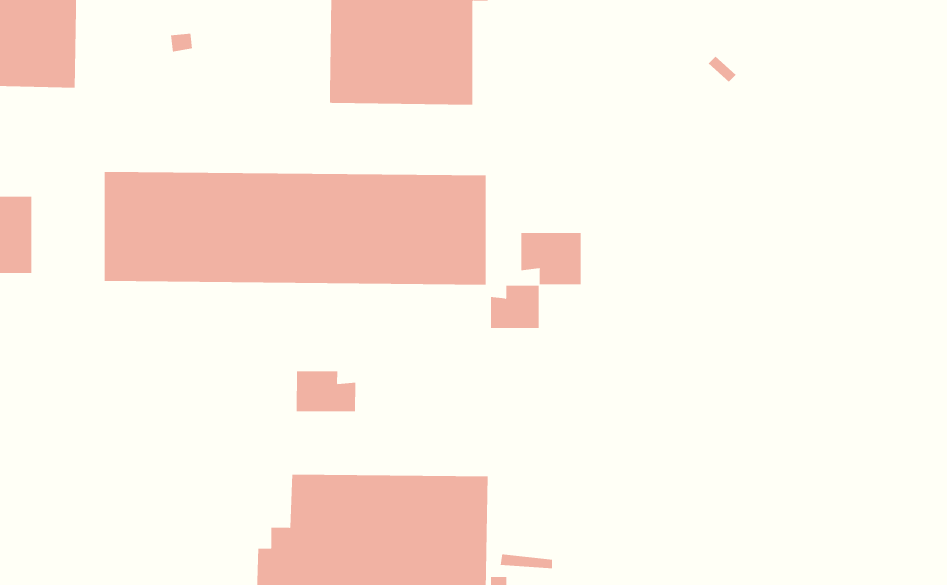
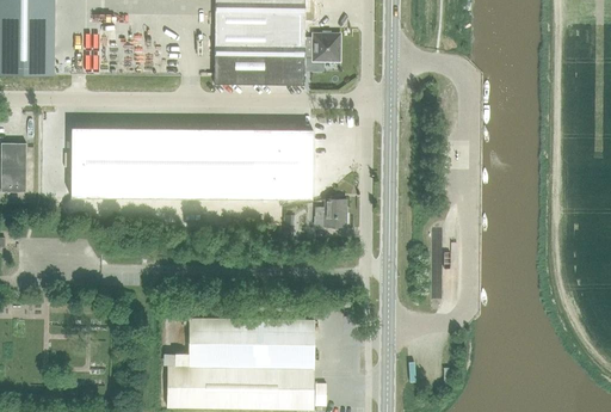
building: none -> [304,35,340,61]
building: [521,232,581,285] -> none
building: [296,370,356,412] -> none

